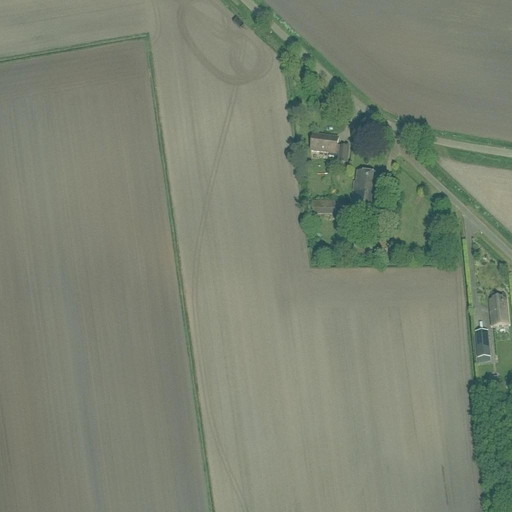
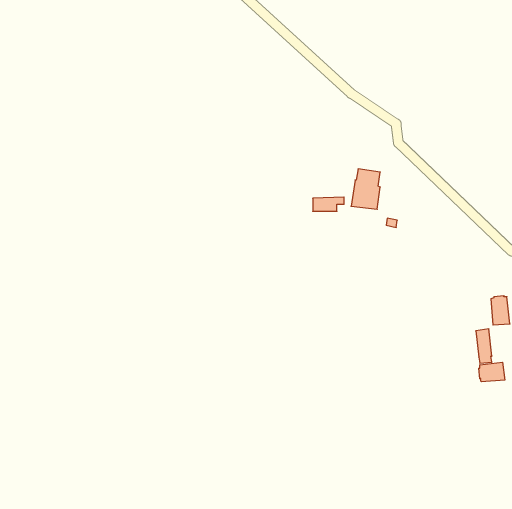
building: [309,131,347,160] -> none
building: none -> [479,362,505,382]

